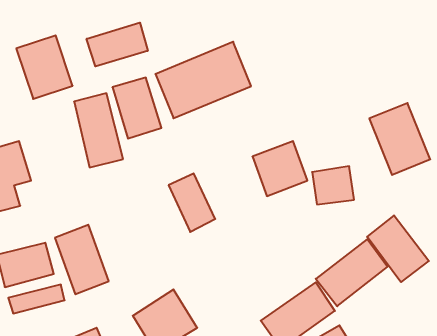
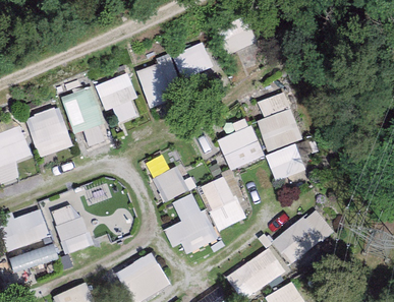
building: [87,23,148,66] -> none
building: [16,35,73,99] -> [24,104,72,158]
building: [369,103,430,175] -> [251,90,303,152]
building: none -> [201,175,243,230]
building: [367,215,429,282] -> none
building: none -> [170,191,214,253]

